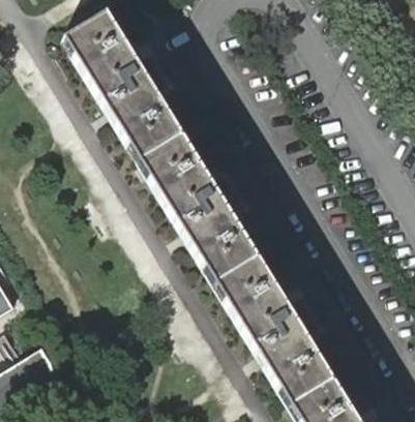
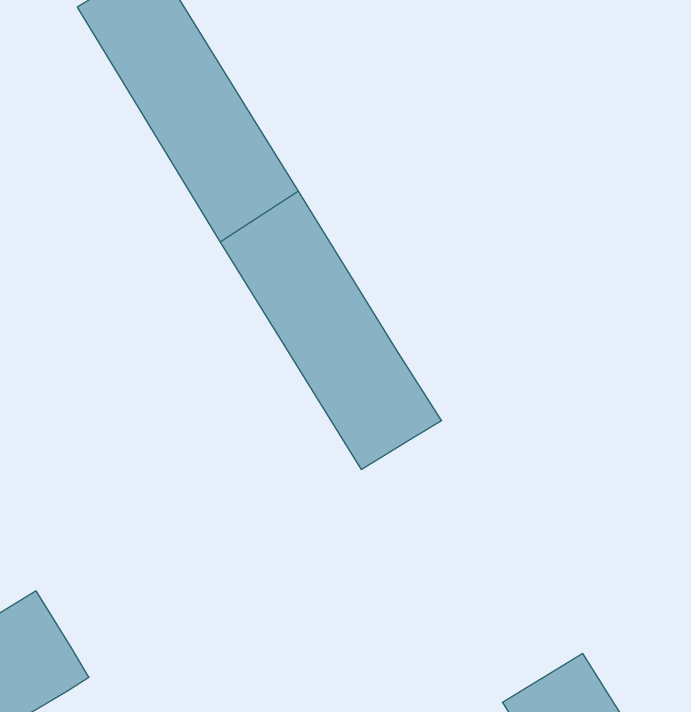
building: [216,254,333,403] -> none

